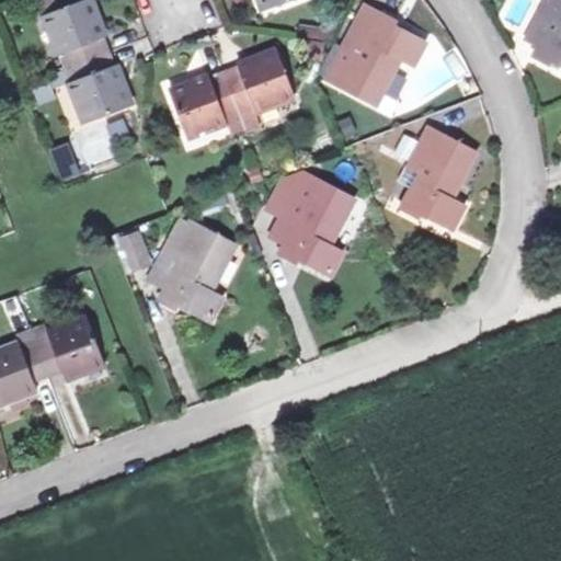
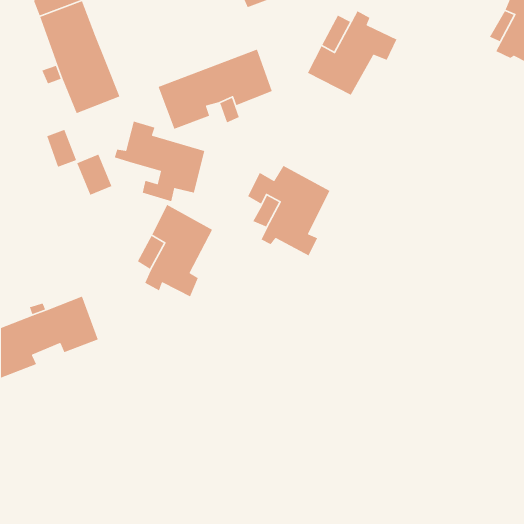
building: none -> [114,121,205,202]
building: [399,131,473,228] -> none
building: [116,227,154,272] -> [76,154,112,196]

